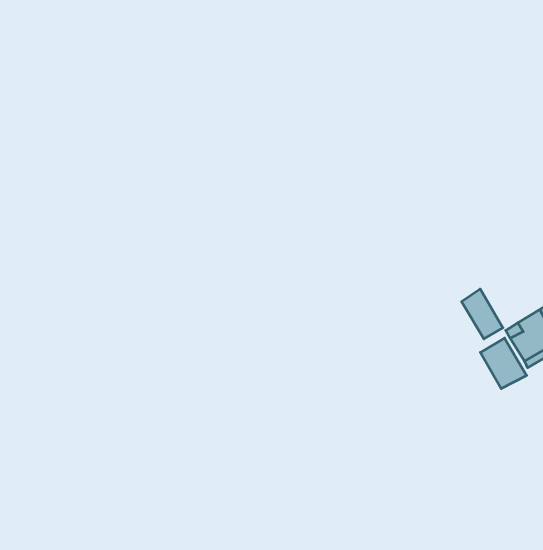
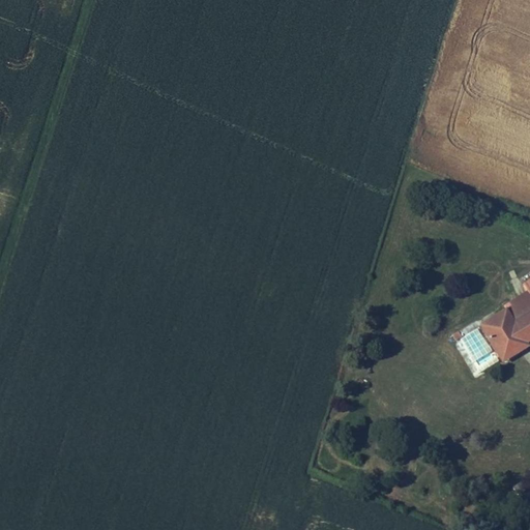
building: [462,289,503,339] -> none

